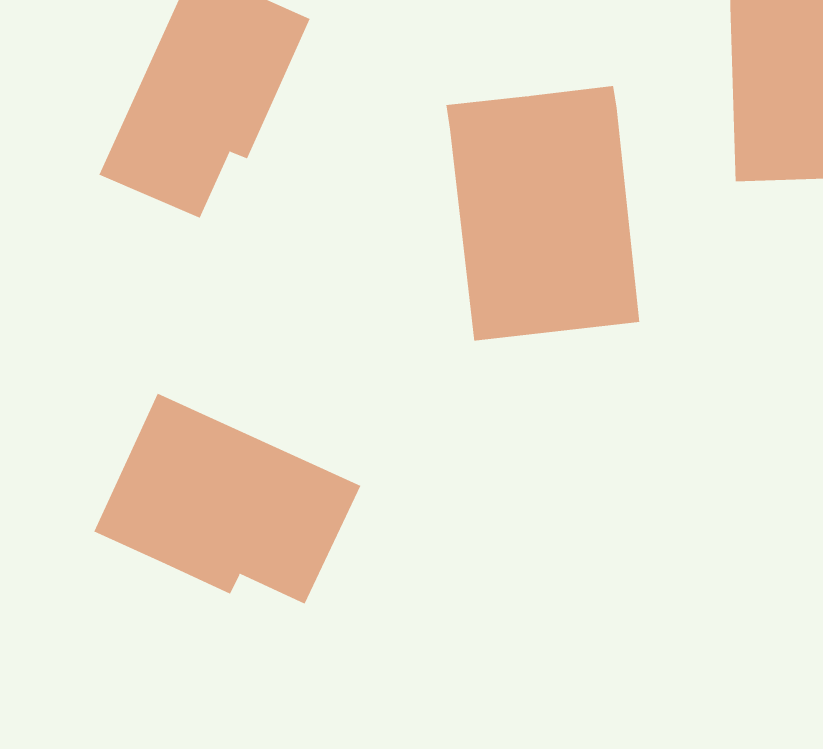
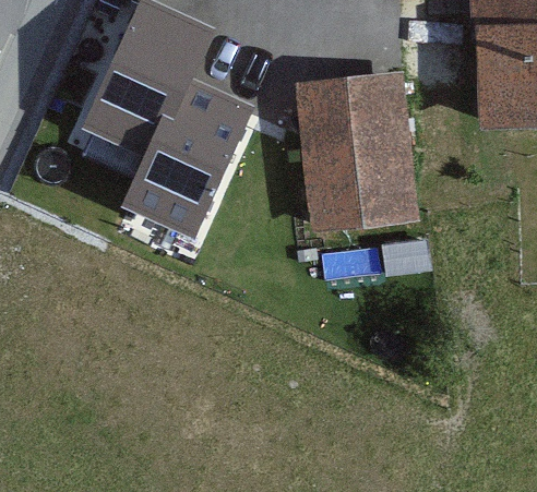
building: none -> [121,75,258,239]
building: [94,393,361,604] -> none

